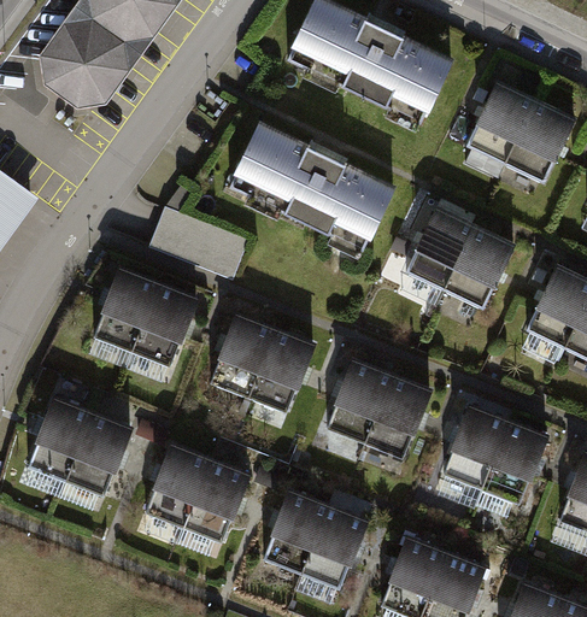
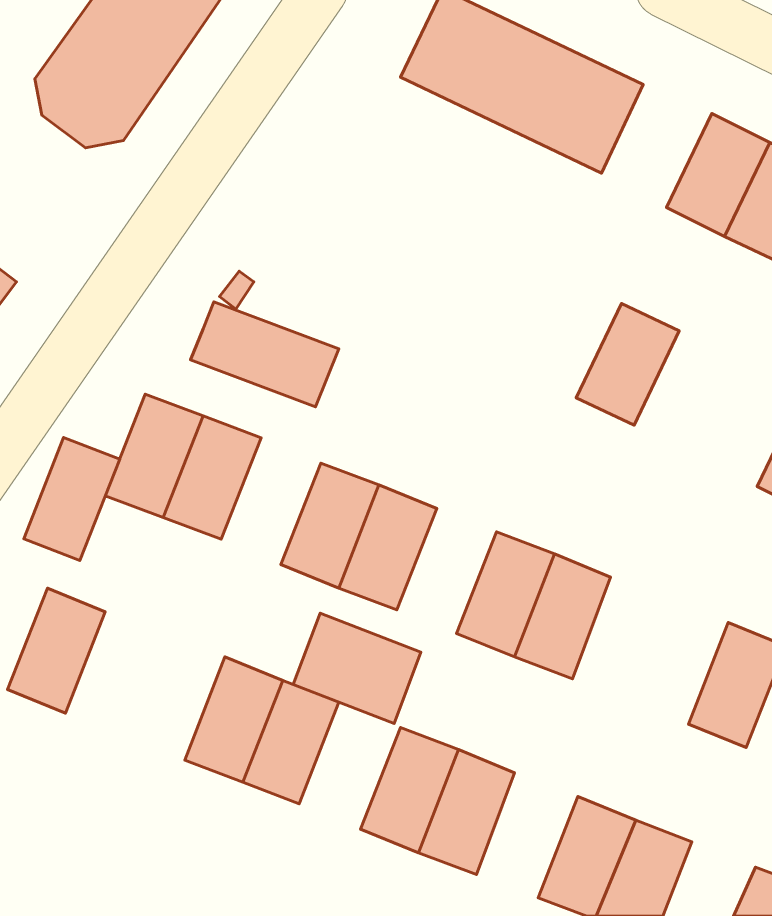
building: [233,124,391,248] -> none
building: [445,225,513,306] -> none
building: [442,405,507,487] -> none
building: [66,412,130,494] -> [24,437,120,561]
building: none -> [293,613,421,724]

